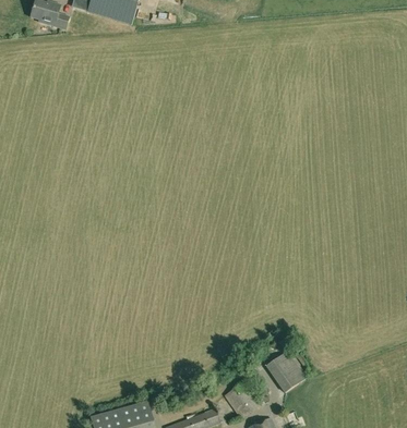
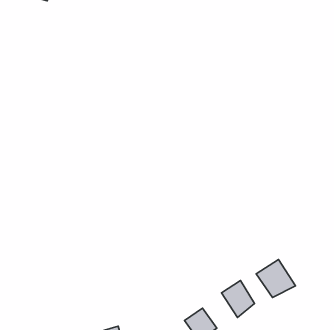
building: none -> [256,259,295,298]

